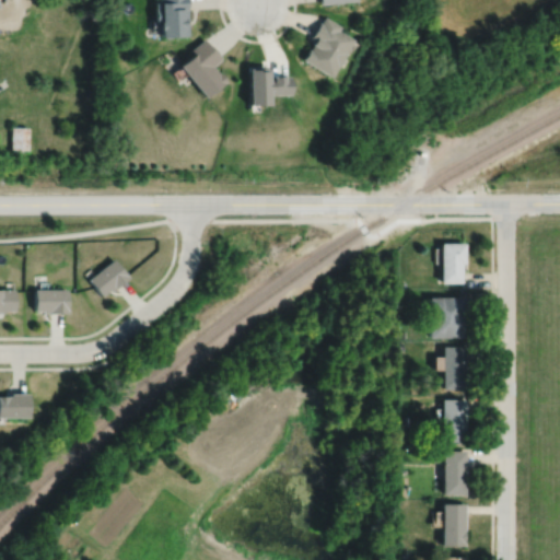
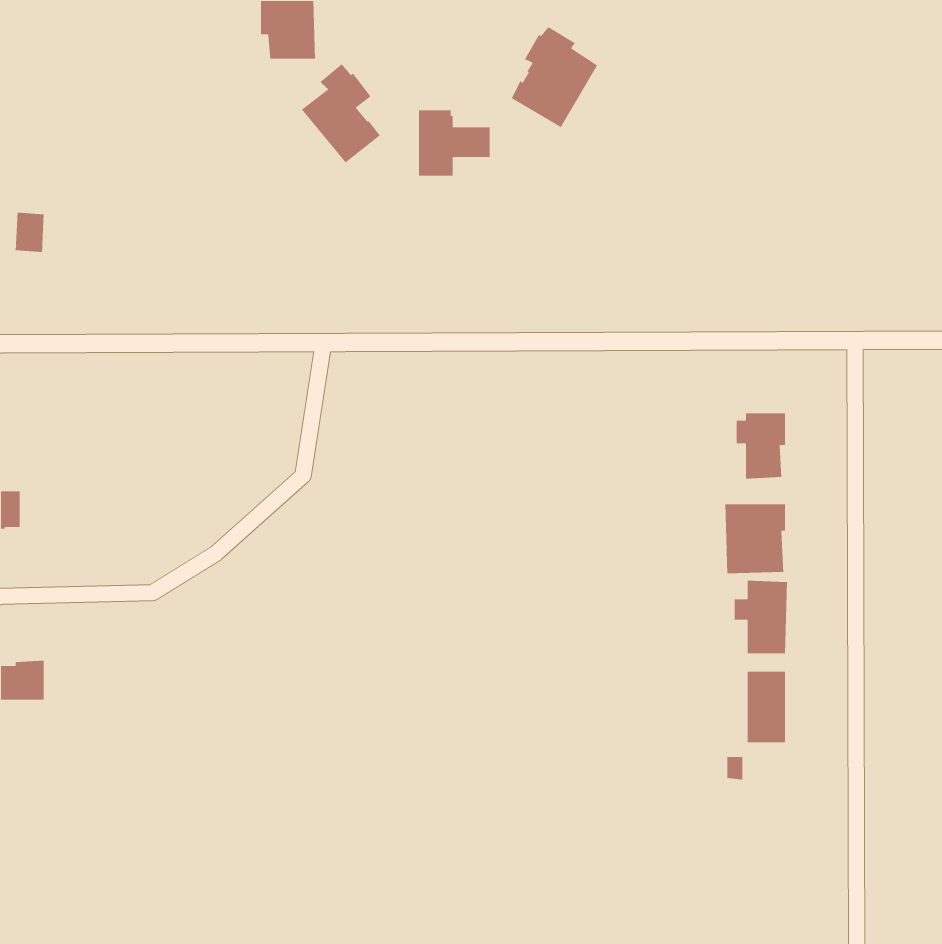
building: [91,261,131,300] -> none
building: [36,292,70,316] -> none
building: [444,451,467,494] -> none
building: [444,504,467,546] -> none

